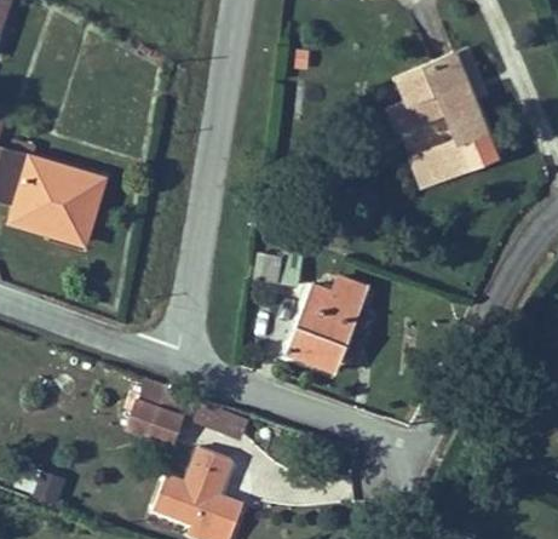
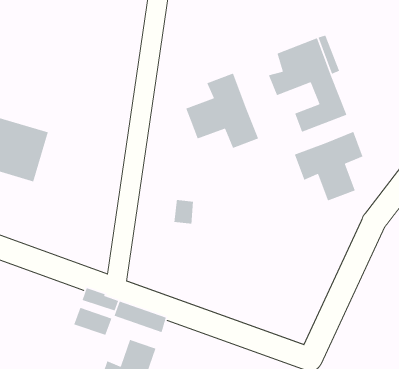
building: none -> [185,73,259,149]
building: none -> [294,131,364,202]
building: [277,279,361,371] -> none

